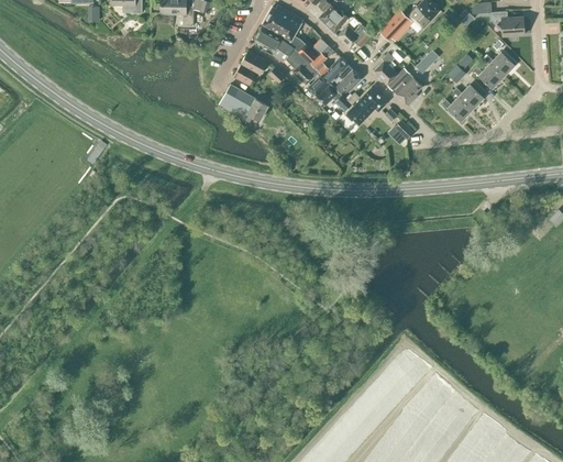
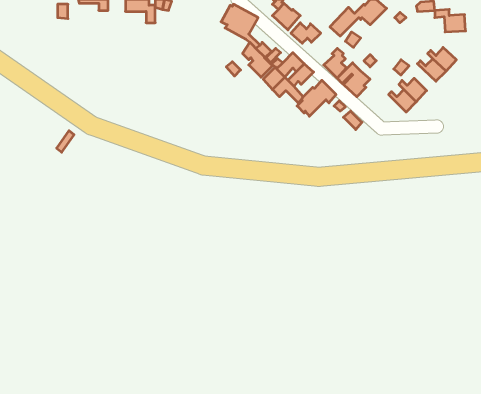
building: [255,28,295,62] -> none
building: [234,51,268,85] -> none
building: [220,84,268,120] -> none

